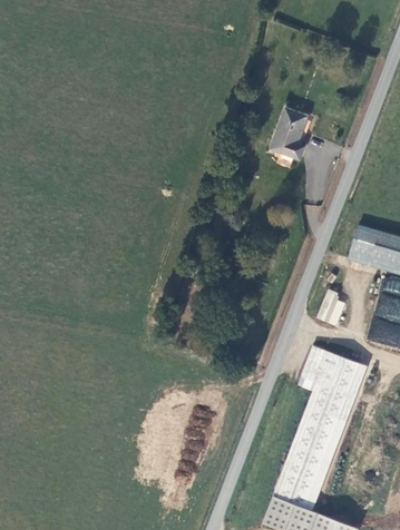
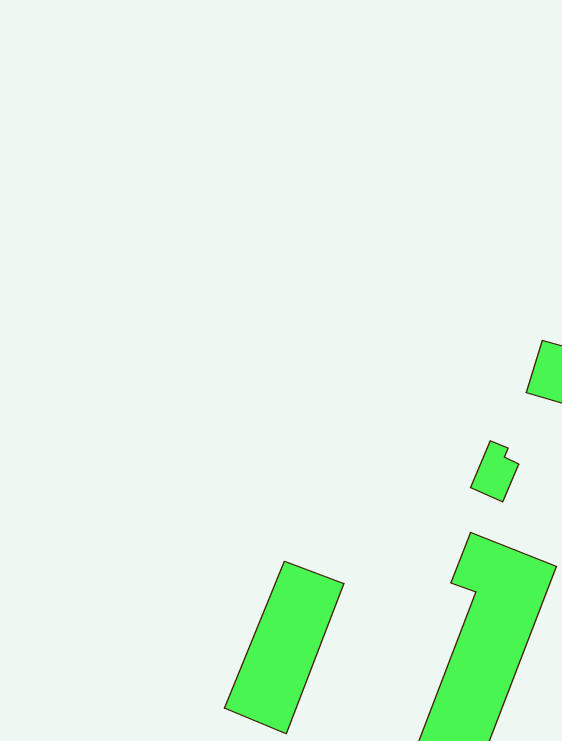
building: [271,109,311,160] -> none
building: none -> [224,561,344,734]

